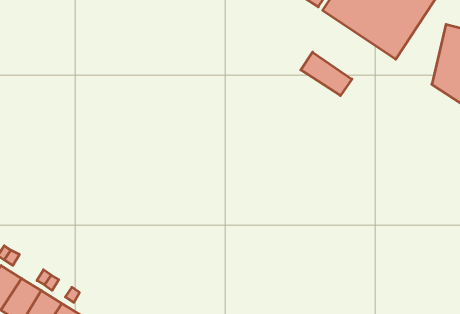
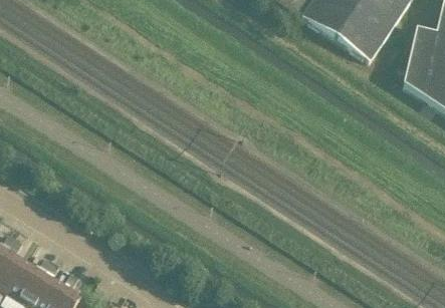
building: [301,52,352,96] -> none

